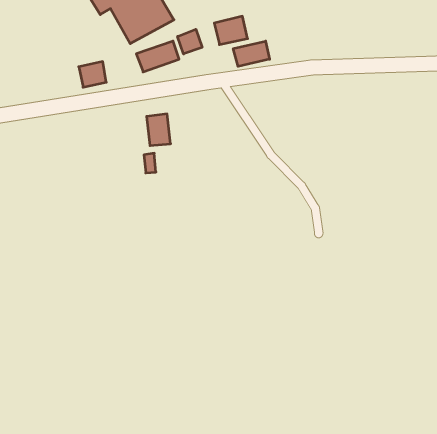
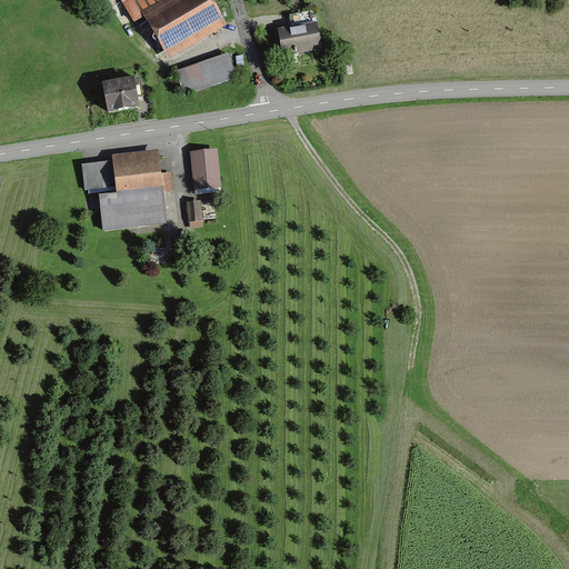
building: [178,29,202,54] -> none
building: [233,41,270,66] -> none
building: none -> [80,146,166,227]

